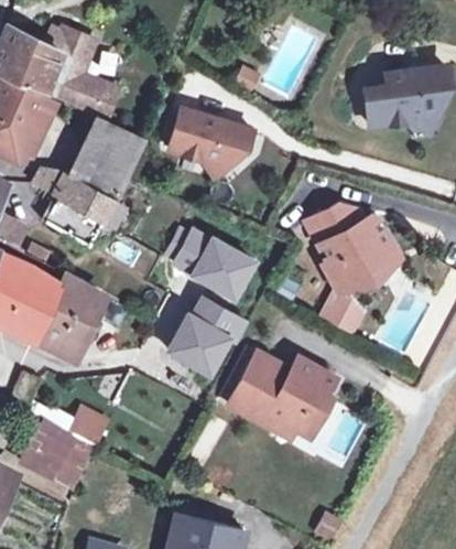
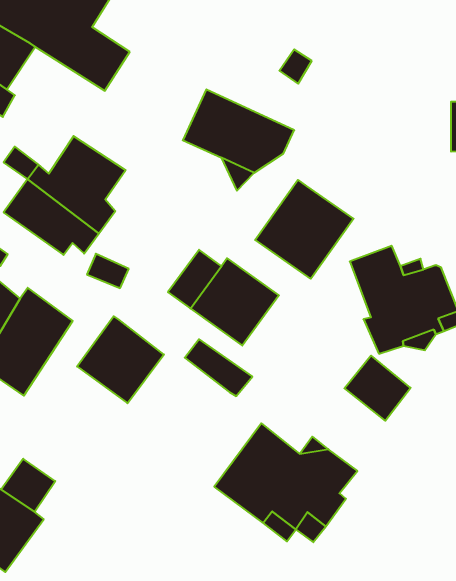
building: [84,120,144,177] -> none
building: none -> [255,180,354,279]
building: [165,310,229,374] -> [77,316,164,403]

